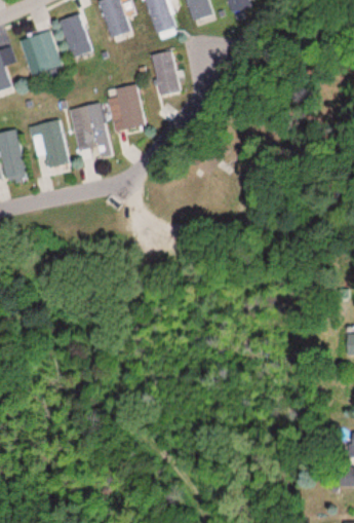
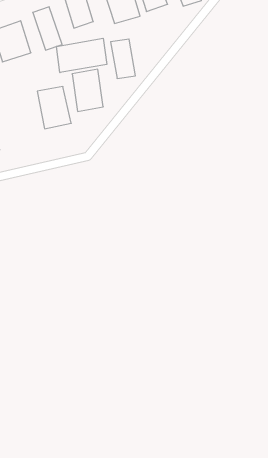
building: none -> [56,38,107,73]
building: [33,119,71,167] -> none

